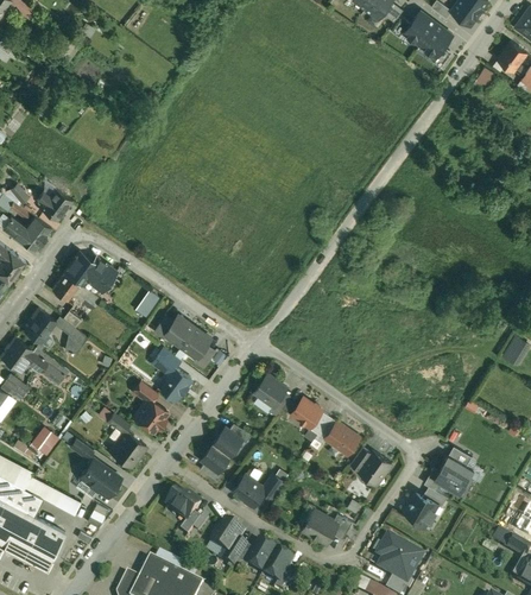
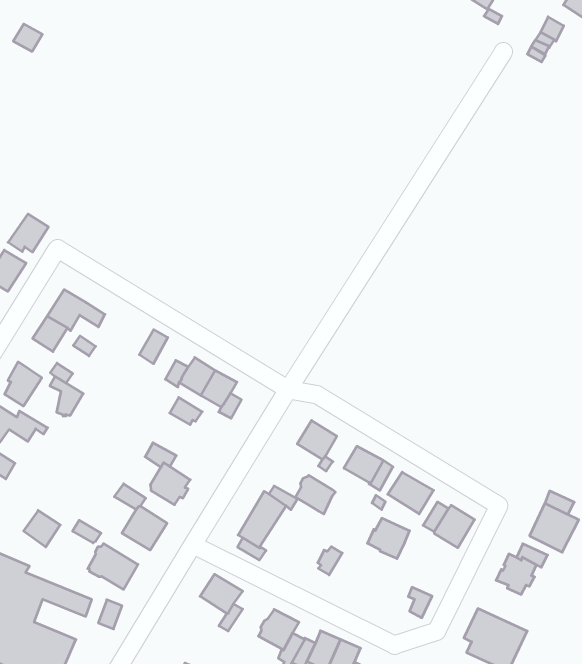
building: [159,366,192,399] -> none
building: [234,475,266,507] -> [296,475,335,514]
building: [304,512,339,545] -> [367,518,410,559]

